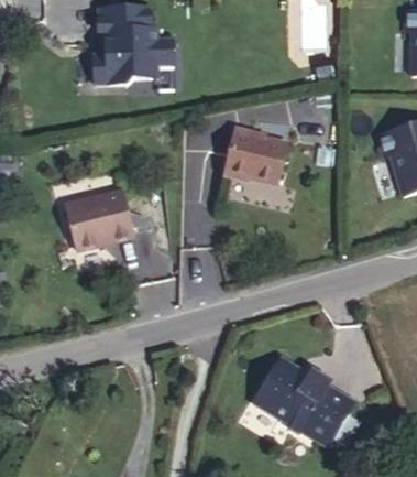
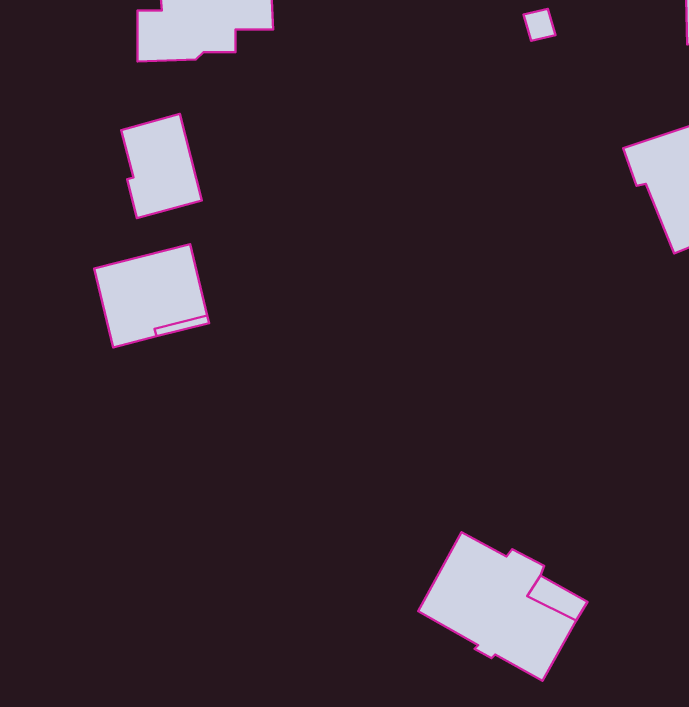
building: none -> [121,114,202,218]
building: [223,126,287,184] -> none

